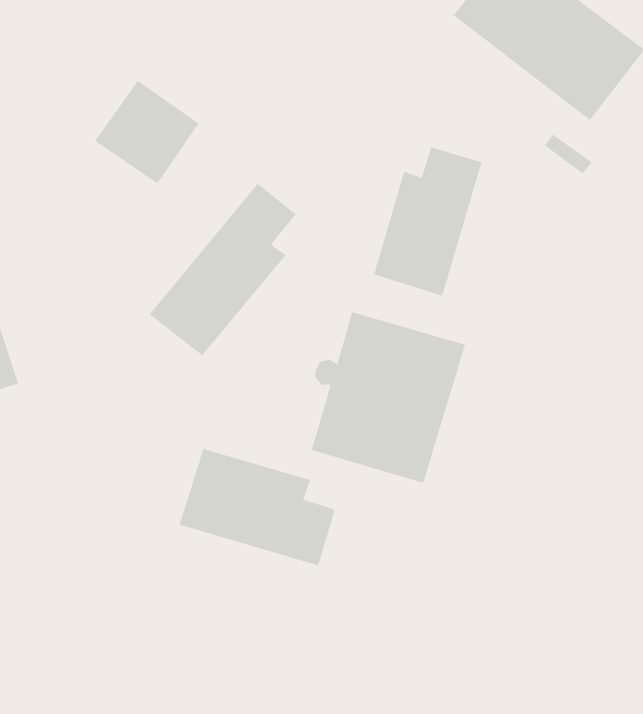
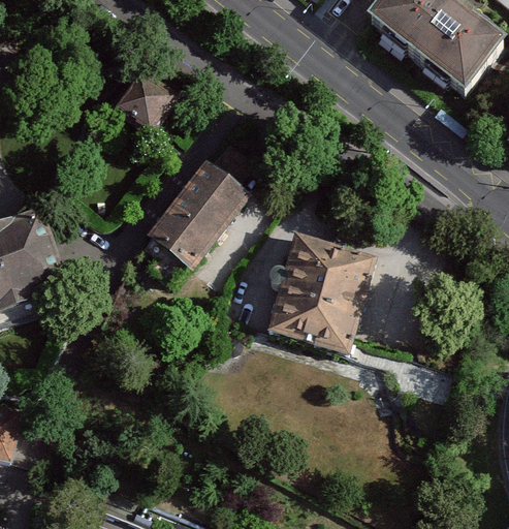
building: [374,147,482,296] -> none
building: [179,448,336,566] -> none

